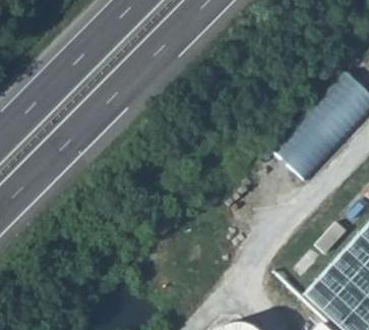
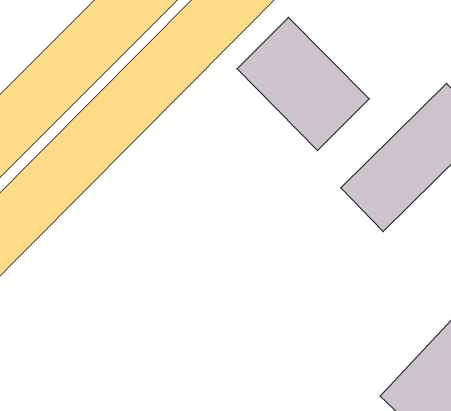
building: none -> [237,17,369,150]

